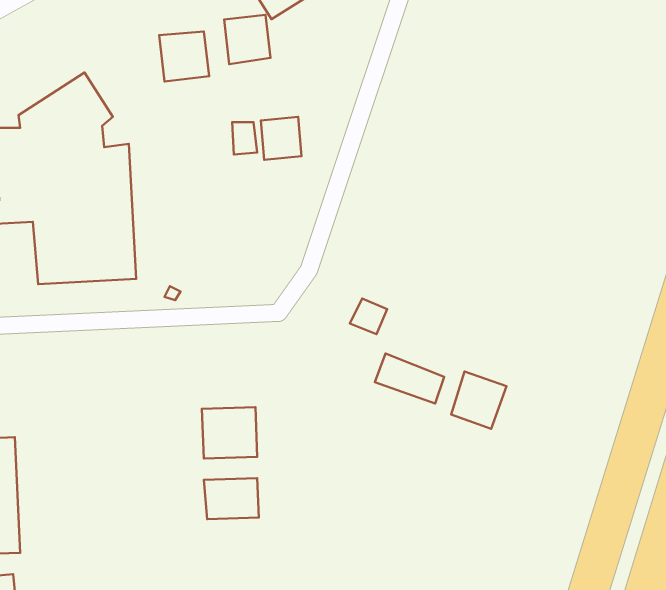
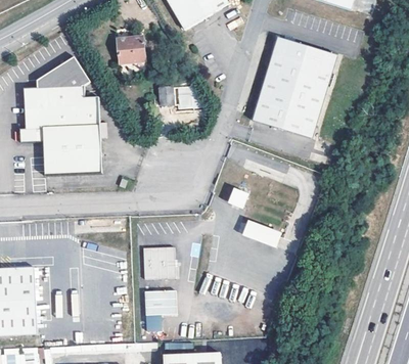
building: [224,15,270,64] -> none
building: none -> [254,35,337,136]
building: [451,372,506,429] -> none

